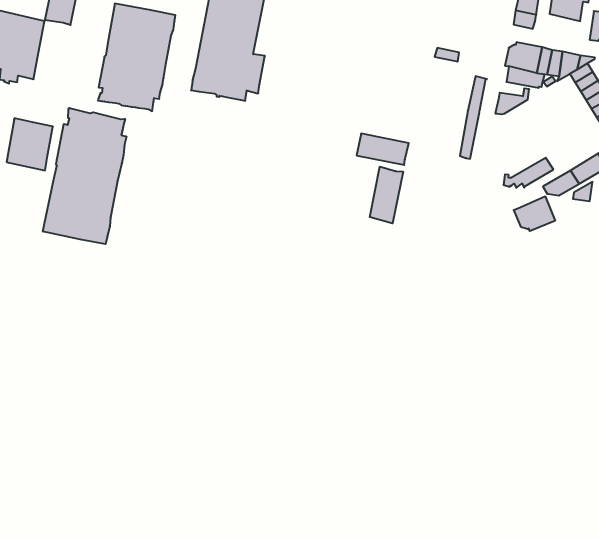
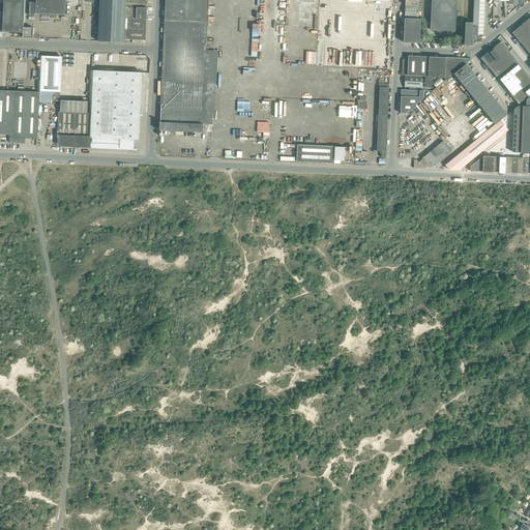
building: [43,108,126,244] -> none
building: [7,118,53,170] -> [56,110,88,147]
building: [370,167,403,223] -> none
building: [514,196,555,231] -> none

